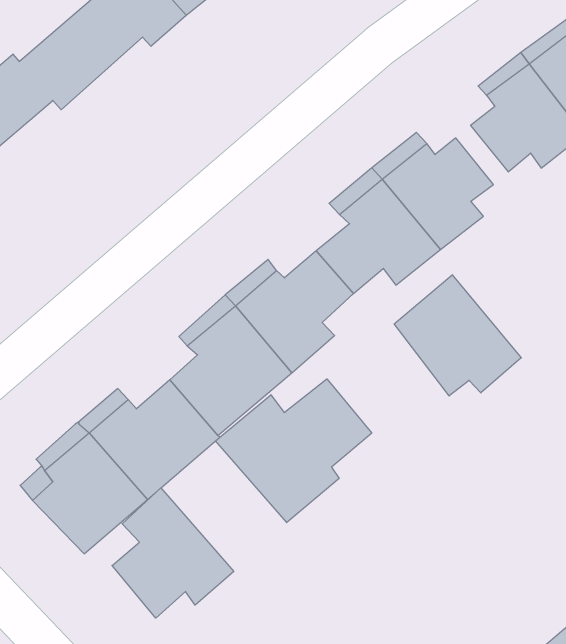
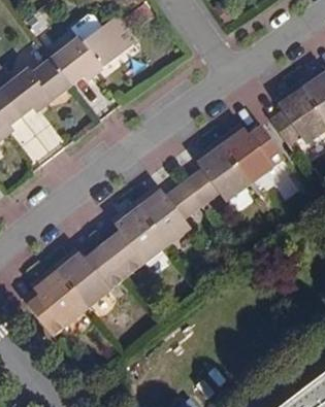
building: [394,275,521,396] -> none
building: [216,379,372,523] -> none
building: [112,488,234,618] -> none

